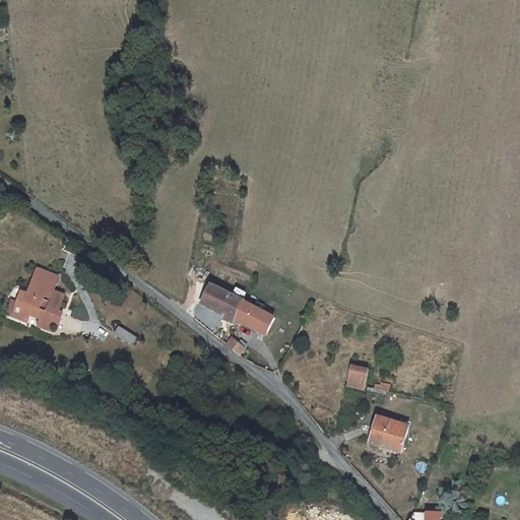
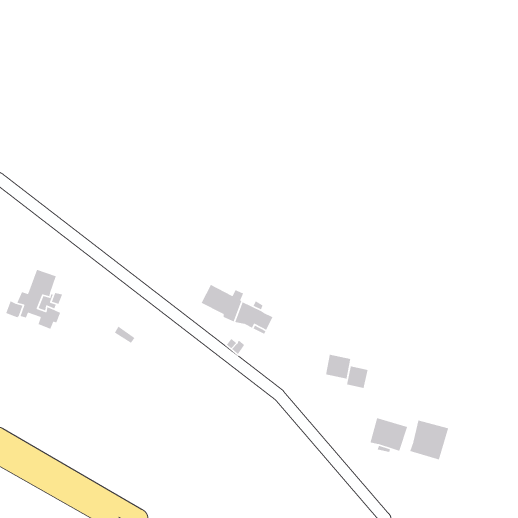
building: none -> [325,354,351,379]
building: none -> [409,420,449,461]

